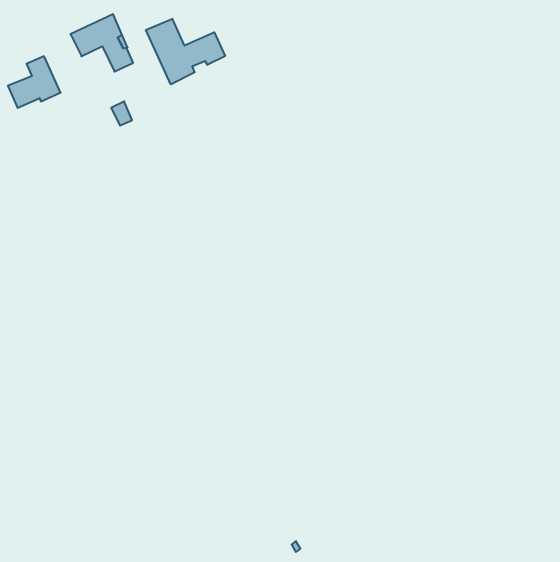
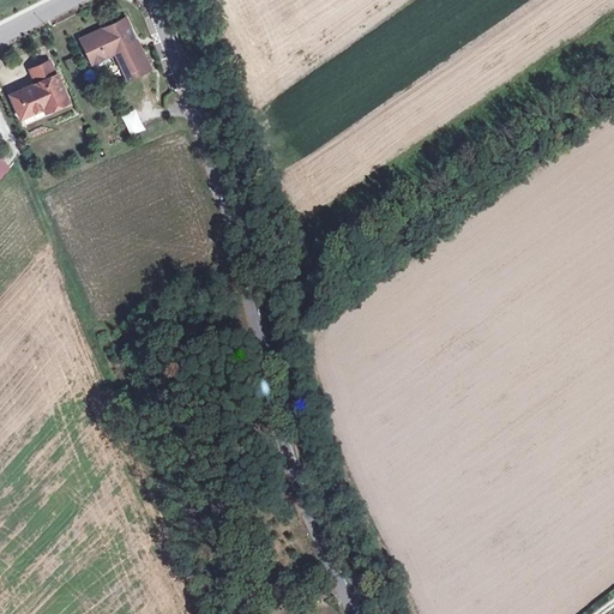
building: [146,19,225,84] -> none

